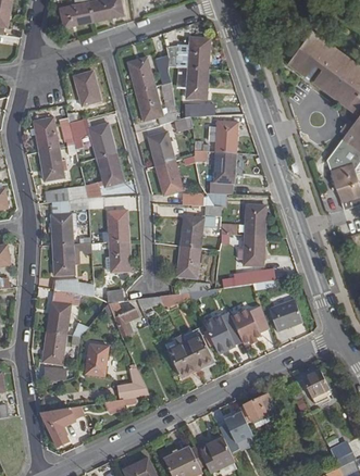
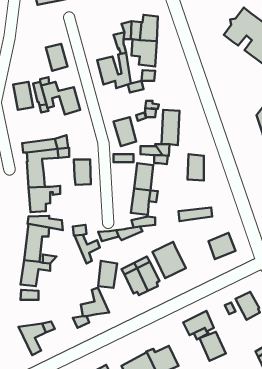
building: [128,60,154,92] -> none
building: [208,123,237,153] -> none
building: [148,133,175,166] -> none
building: [40,149,66,181] -> none
building: [97,152,123,188] -> none
building: [237,236,264,266] -> none
building: [110,241,129,272] -> none
building: [229,305,269,345] -> none
building: [86,343,109,376] -> [98,261,117,288]
building: [220,410,251,444] -> [200,332,226,361]

